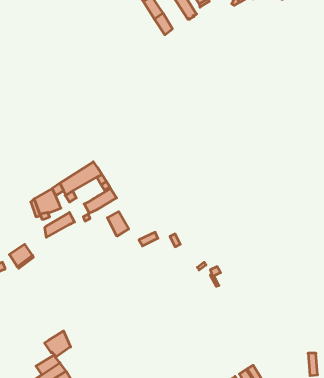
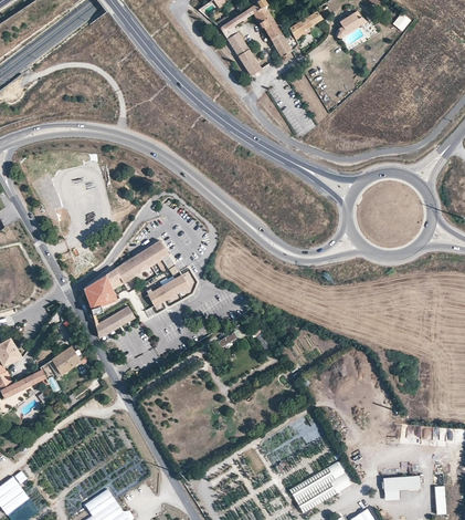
building: [107,212,129,236] -> none
building: [45,331,71,357] -> none
building: none -> [289,462,349,512]
building: none -> [384,477,421,501]

